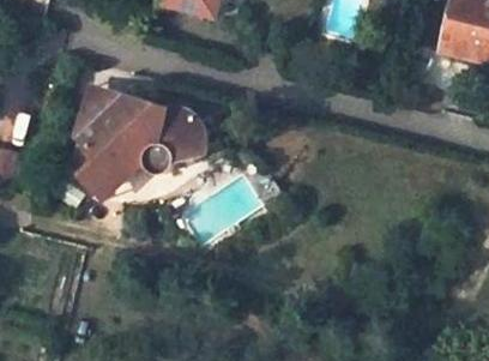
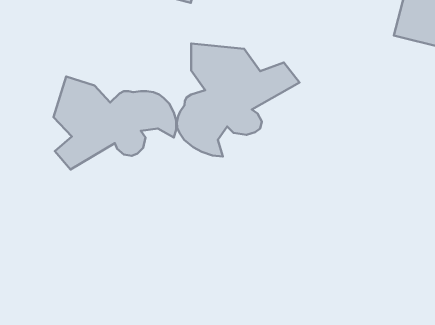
building: none -> [177,44,299,156]

